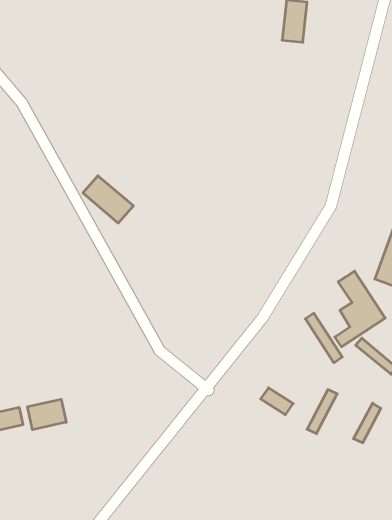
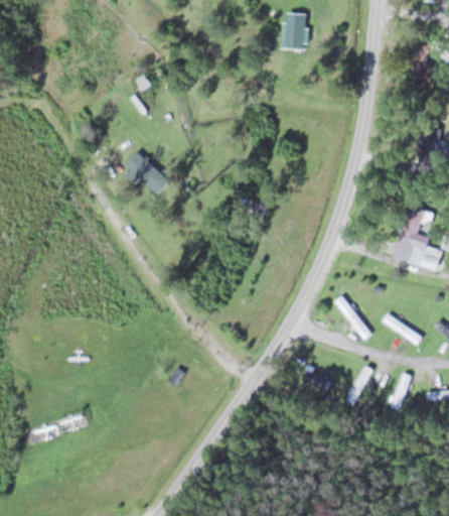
building: [83,176,133,223] -> [124,153,171,195]
building: [335,271,385,347] -> none
building: [28,399,66,430] -> none

